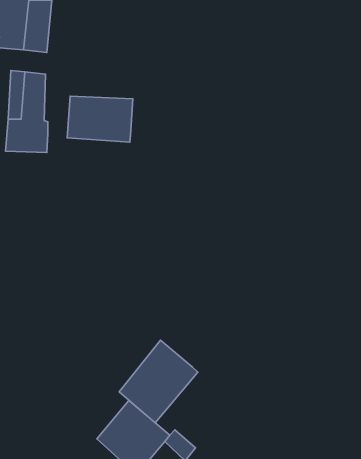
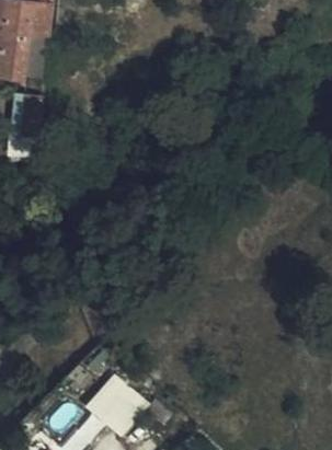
building: [67,96,133,142] -> none
building: [119,340,198,423] -> none

